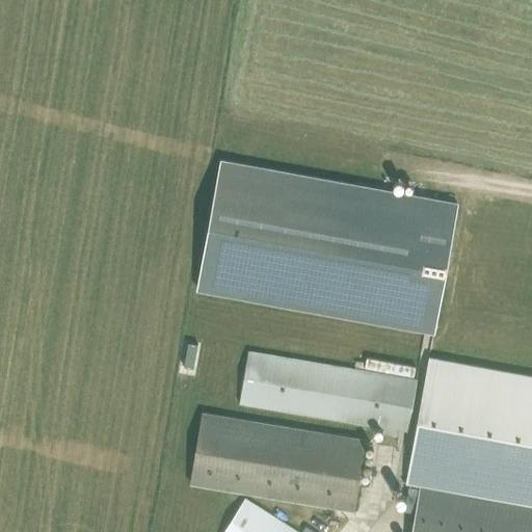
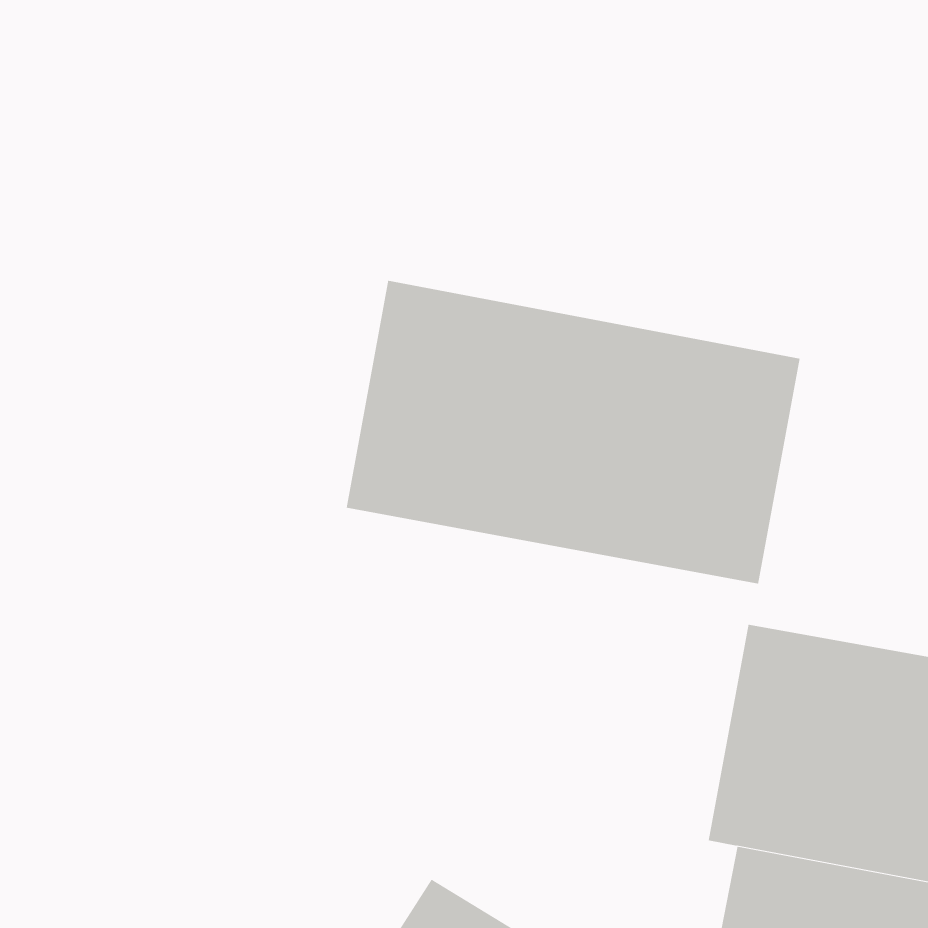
building: [246,356,419,437] -> none
building: [190,413,365,510] -> none

